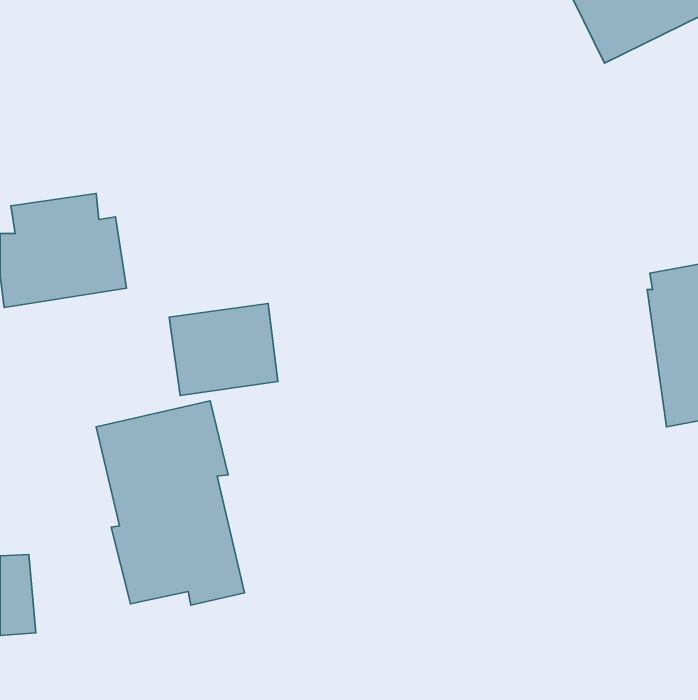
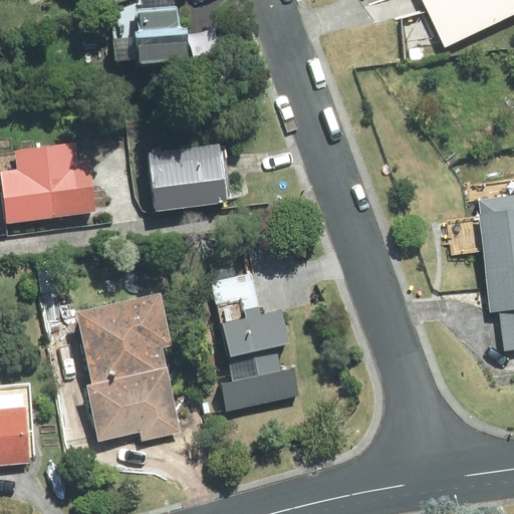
building: none -> [128,5,184,66]
building: [169,303,278,395] -> [147,145,226,212]
building: none -> [212,273,300,411]

